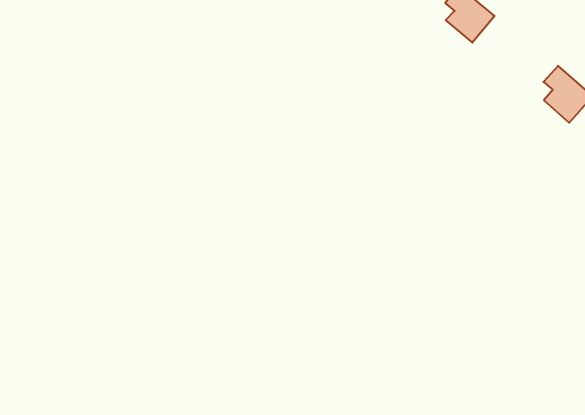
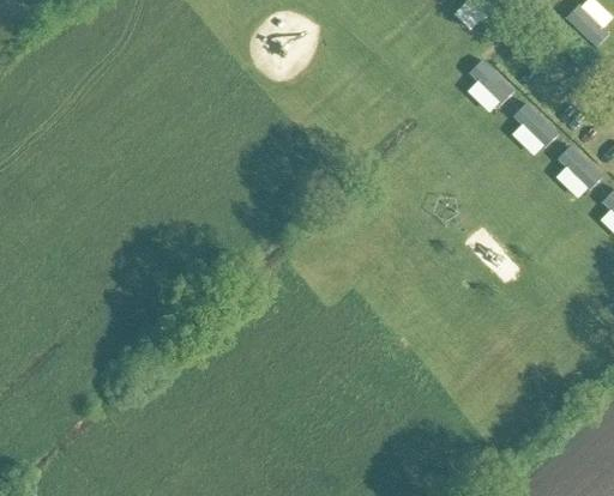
building: none -> [512,99,560,157]

